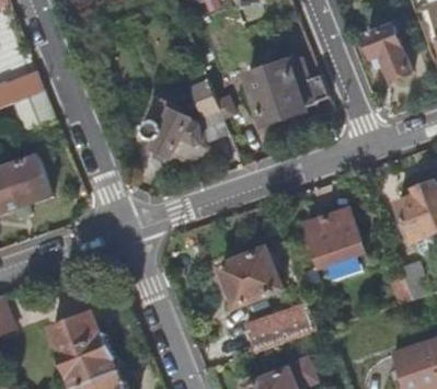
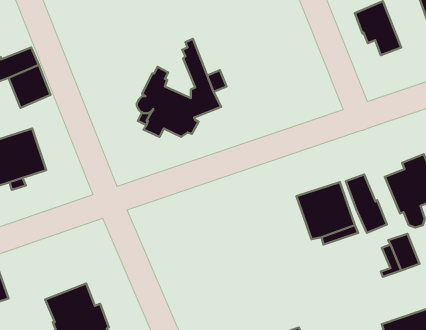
building: [244,57,327,124] -> none
building: none -> [346,174,387,233]
building: [219,248,280,305] -> none
building: [243,296,317,352] -> none

